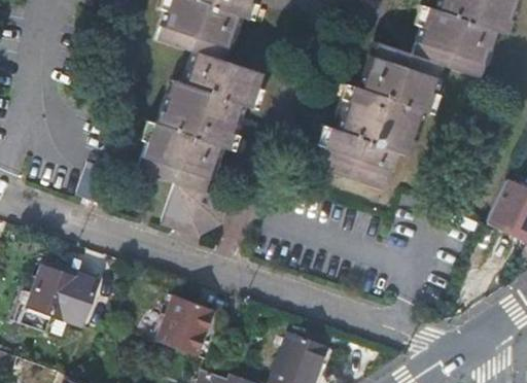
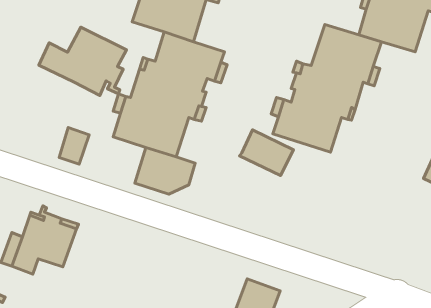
building: none -> [39,27,126,95]
building: none -> [240,130,294,176]
building: [155,293,211,354] -> none

